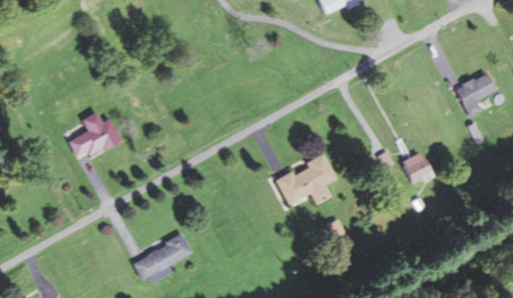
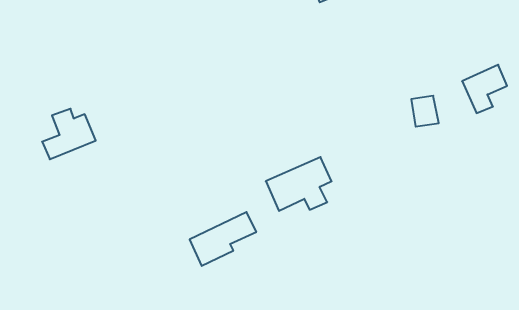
building: [405,156,430,184] -> [411,96,439,127]
building: [132,236,193,285] -> [190,212,256,266]

